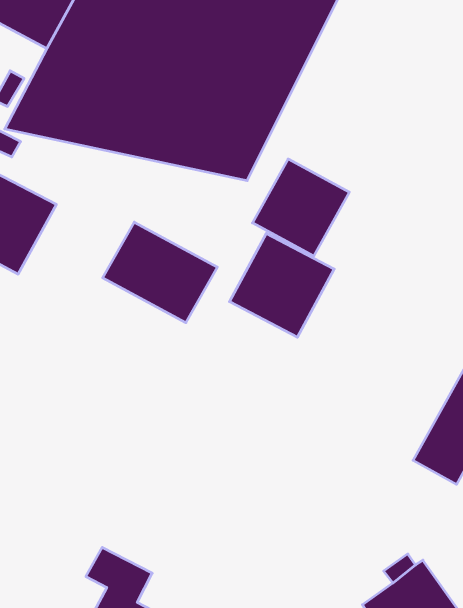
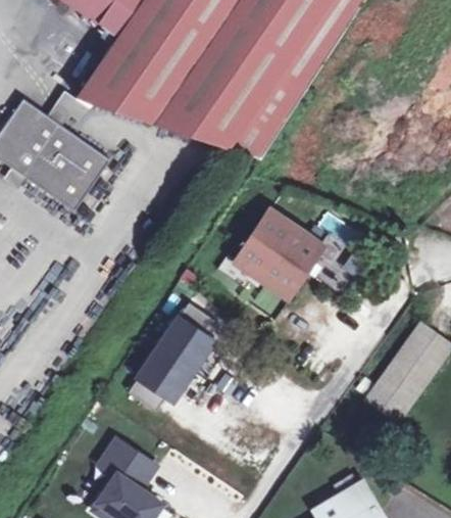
building: [252,159,349,256] -> none
building: [103,222,217,323] -> none
building: none -> [128,298,216,407]

